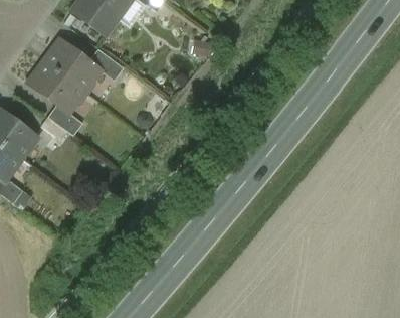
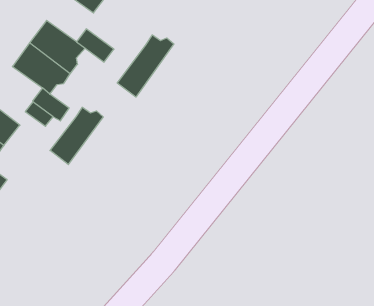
building: none -> [117,35,174,97]
building: none -> [50,107,103,165]

